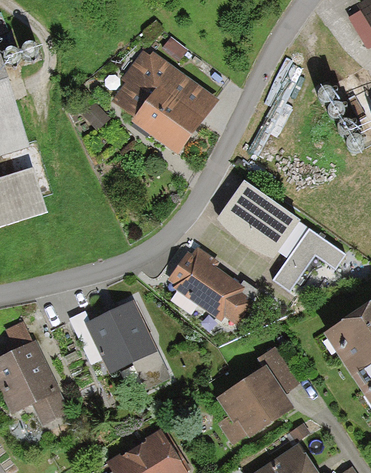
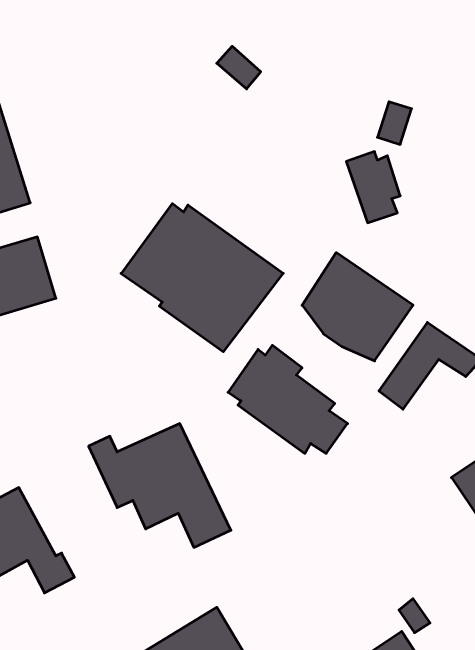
building: [107,49,221,153] -> [121,204,283,352]
building: [216,349,294,435] -> none

